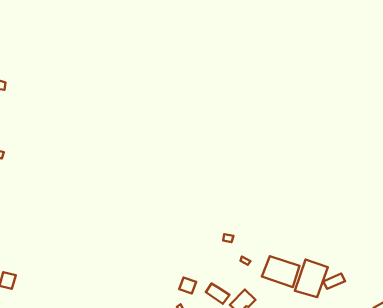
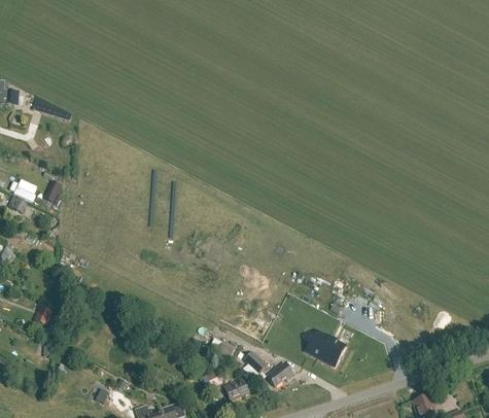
building: [295,259,328,297] -> none

